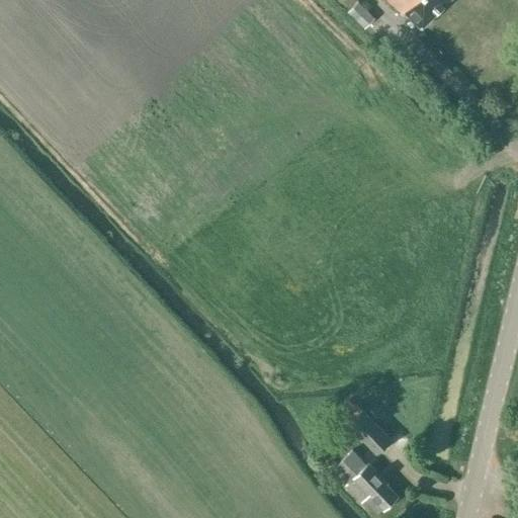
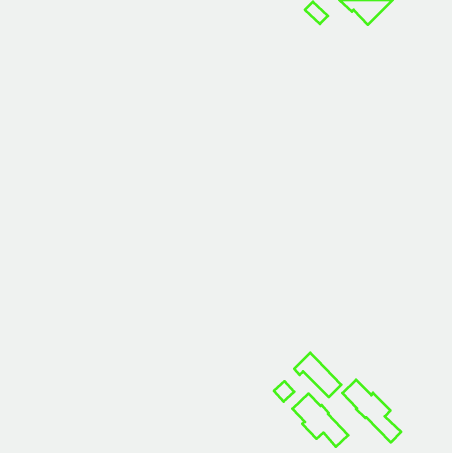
building: none -> [342,380,401,442]

